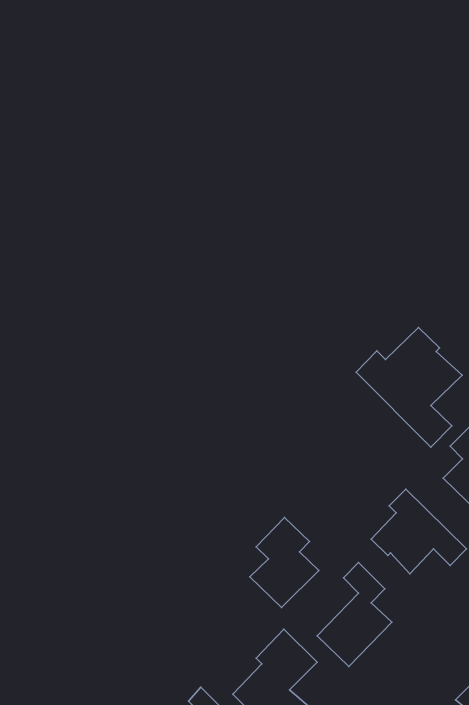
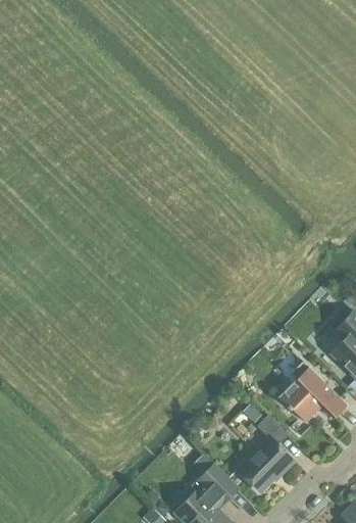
building: [356,327,462,447] -> none
building: [250,518,319,608] -> none

